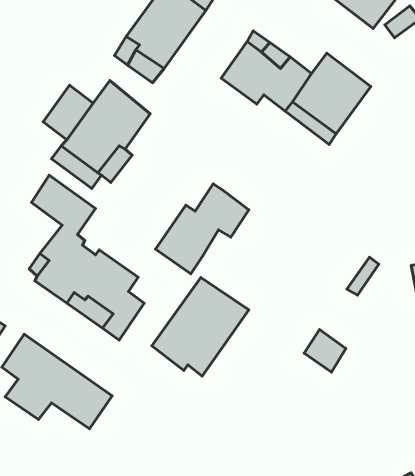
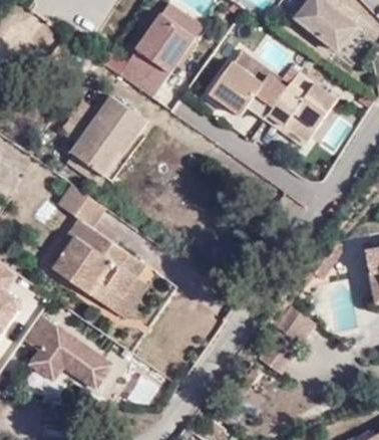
building: [156,184,249,274] -> none
building: [152,277,249,376] -> none

